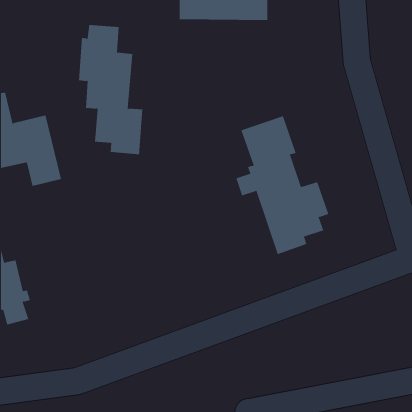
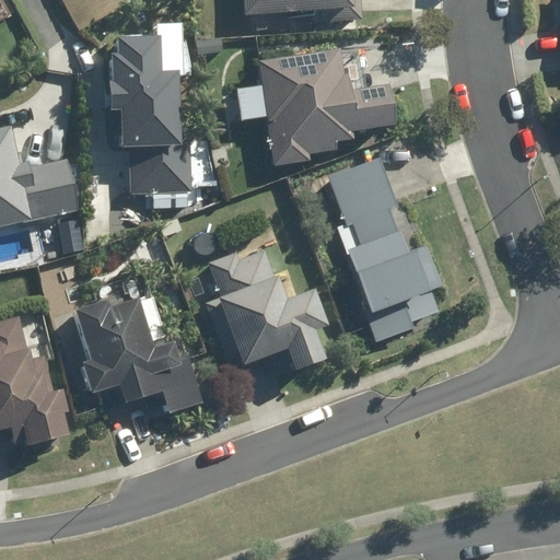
building: none -> [258,49,378,154]
building: none -> [199,248,301,361]
building: none -> [58,294,179,405]

